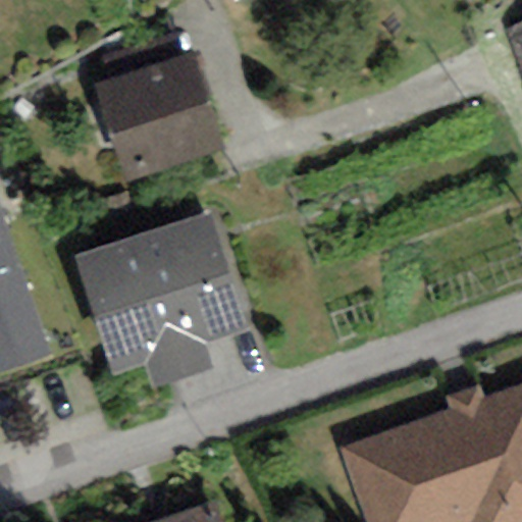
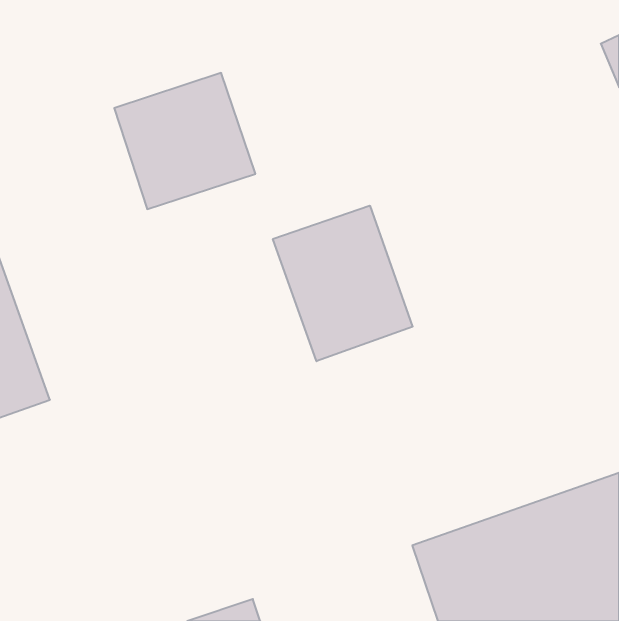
building: none -> [273,206,413,361]
building: [82,209,243,370] -> none

